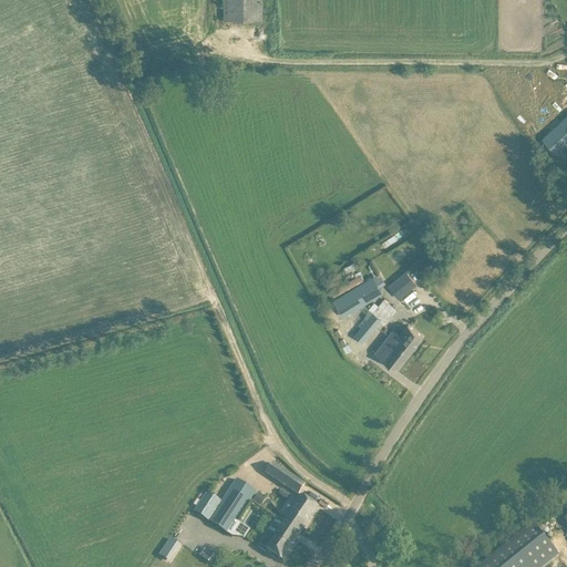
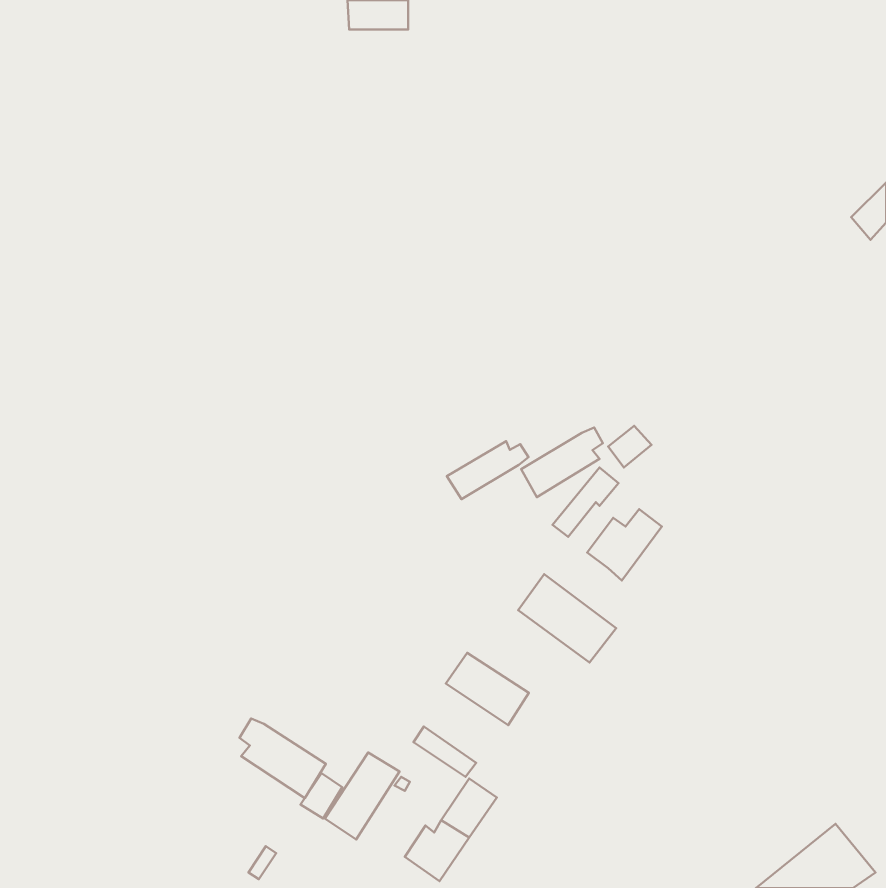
building: none -> [447,441,529,499]
building: none -> [518,574,616,662]
building: none -> [446,653,529,725]
building: none -> [239,719,326,798]

